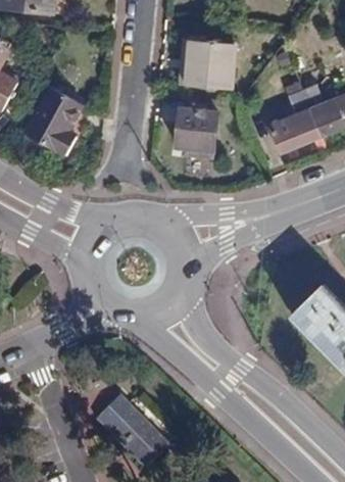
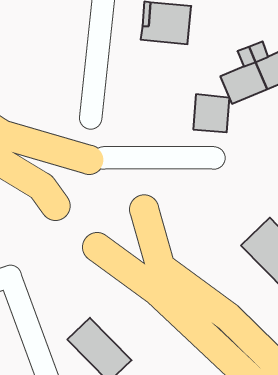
building: [24,86,81,155] -> none
building: [177,107,217,150] -> [193,94,229,132]

